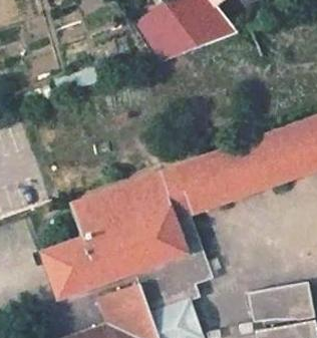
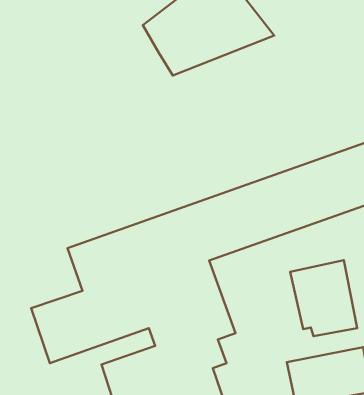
building: none -> [290,260,357,336]

